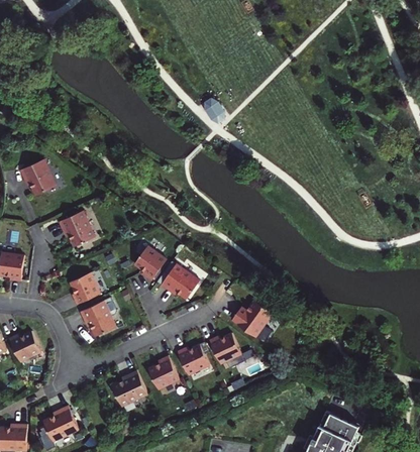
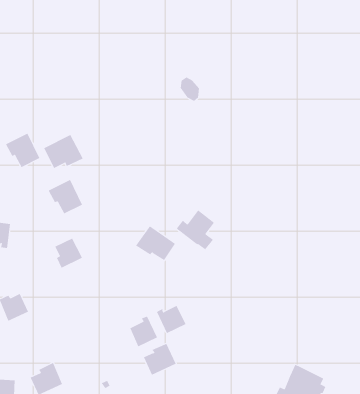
building: none -> [44,134,83,169]
building: [132,245,165,279] -> none
building: [80,298,115,336] -> none
building: [233,302,275,345] -> [176,209,215,250]
building: [209,334,243,368] -> none
building: [111,370,146,405] -> [143,343,176,375]

